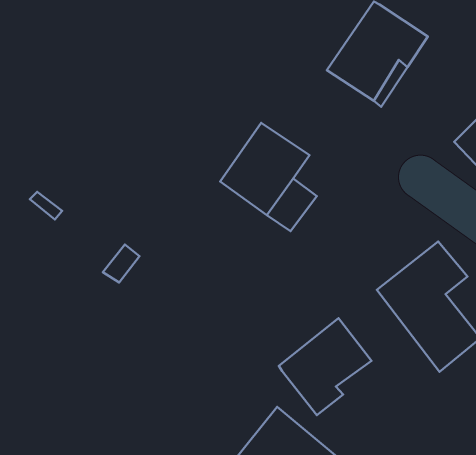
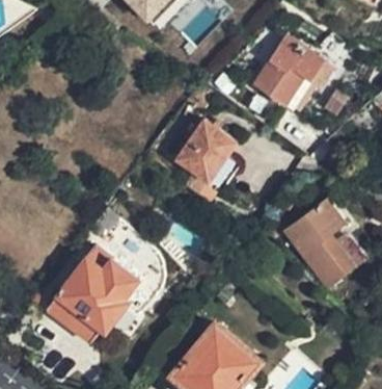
building: none -> [48,244,141,342]
building: [279,318,371,415] -> none

